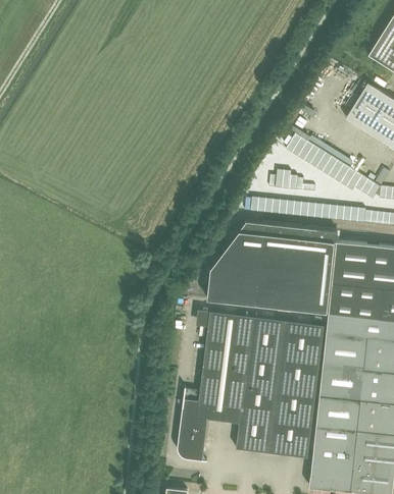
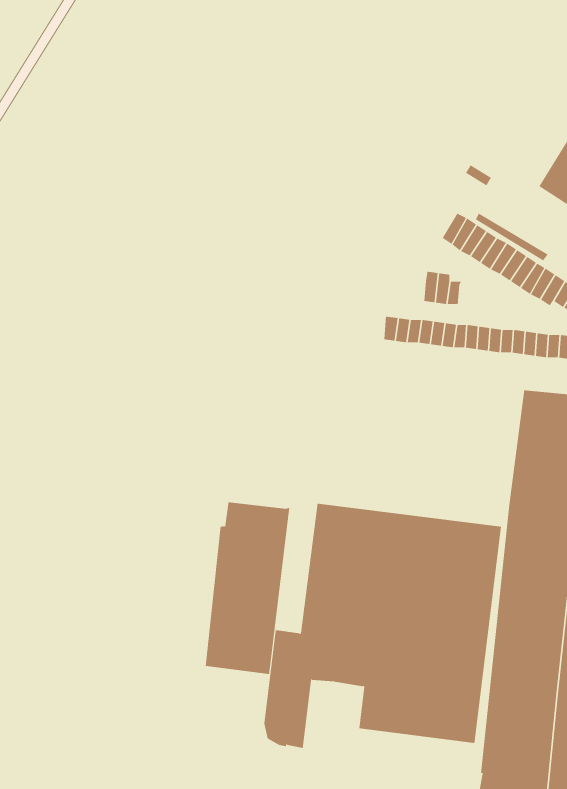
building: [207,222,337,313] -> none
building: none -> [205,502,290,675]

